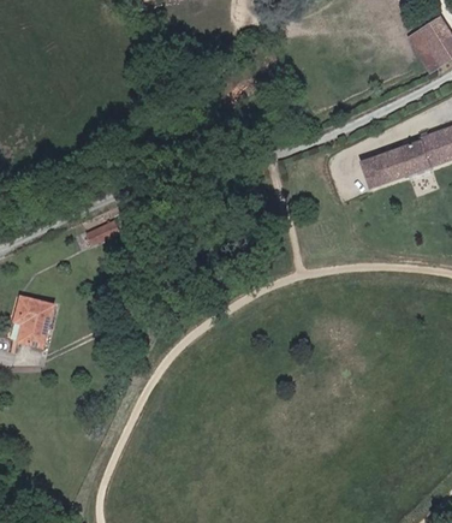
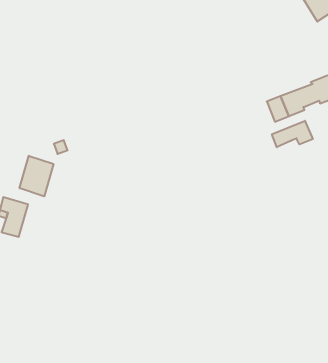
building: none -> [272,121,313,147]
building: none -> [20,156,53,196]

